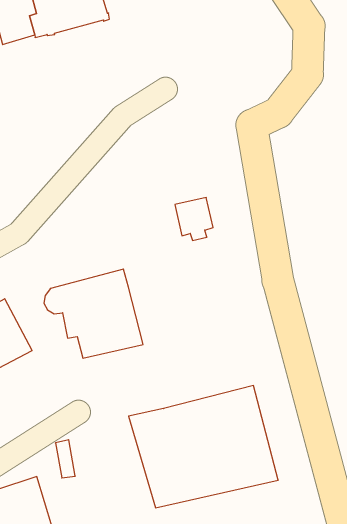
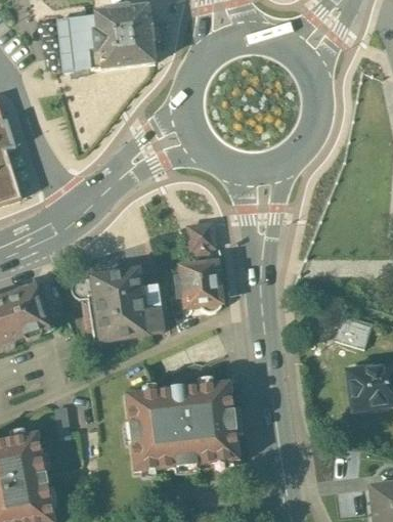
building: none -> [176,261,219,310]
building: none -> [139,284,163,334]

